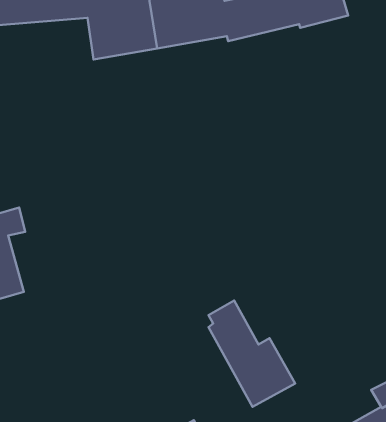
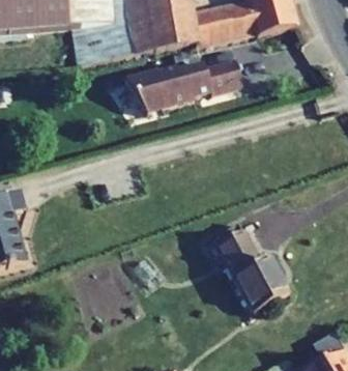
building: none -> [125,59,243,110]
building: [208,300,295,407] -> [218,221,291,311]

